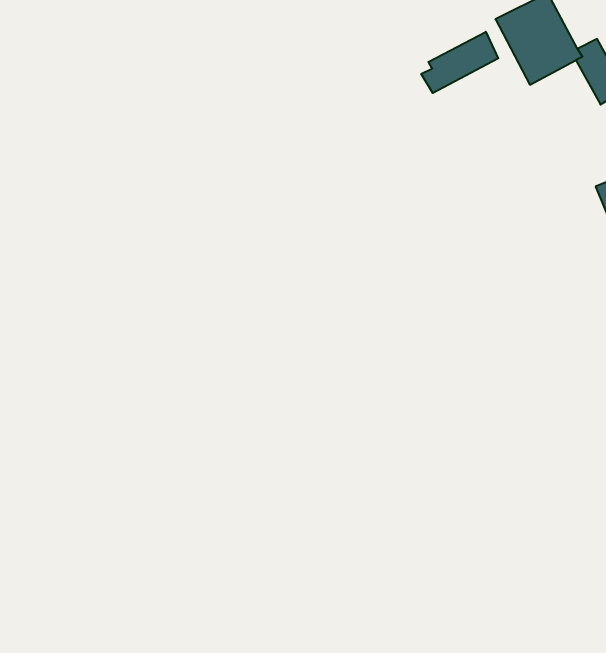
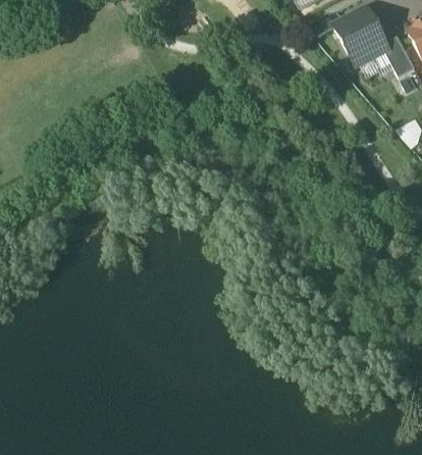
building: [421,32,498,93] -> none

